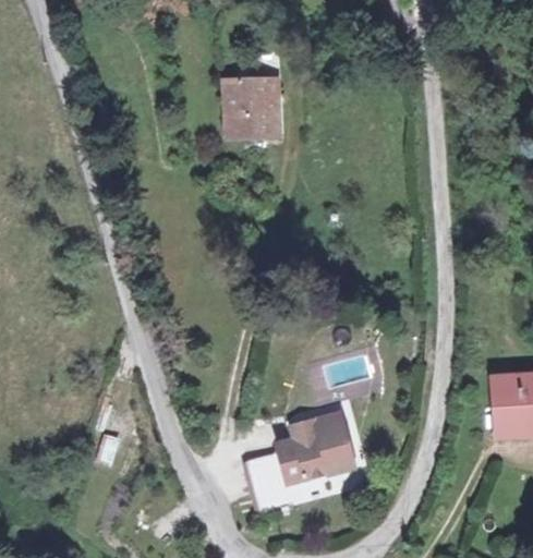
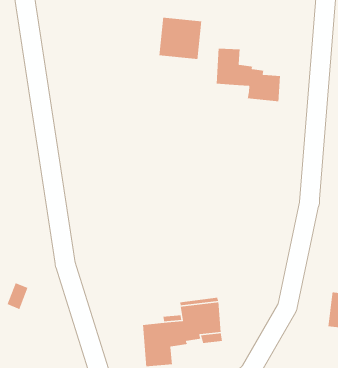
building: none -> [216,48,281,102]

